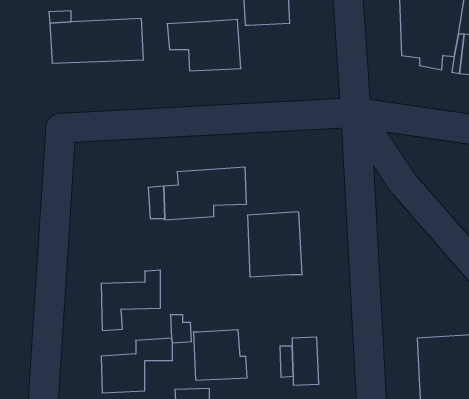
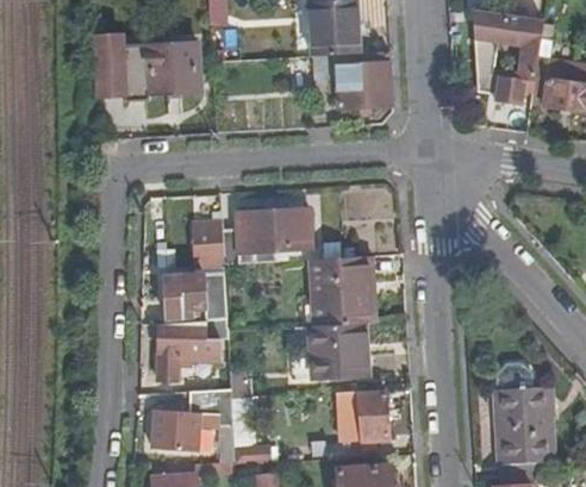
building: [167,19,241,71] -> [313,51,392,106]
building: none -> [163,271,227,318]
building: [193,330,247,380] -> [310,321,367,375]

